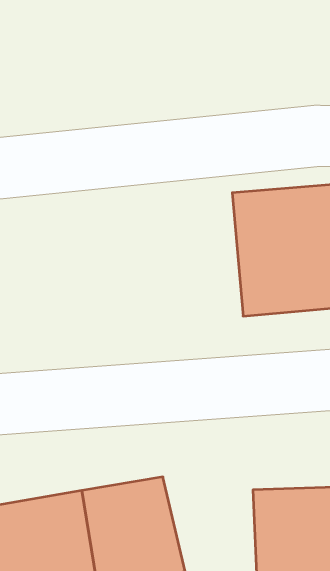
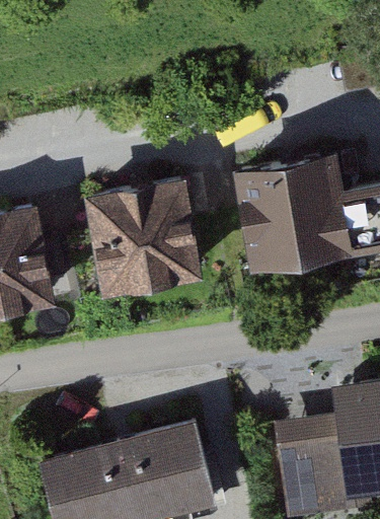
building: none -> [87,177,191,278]

